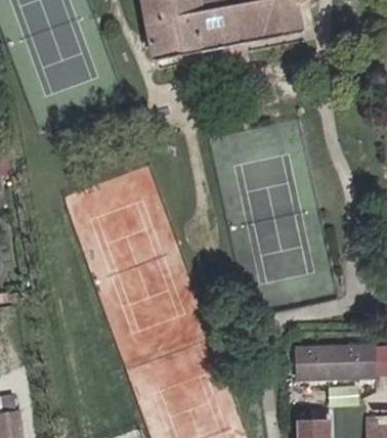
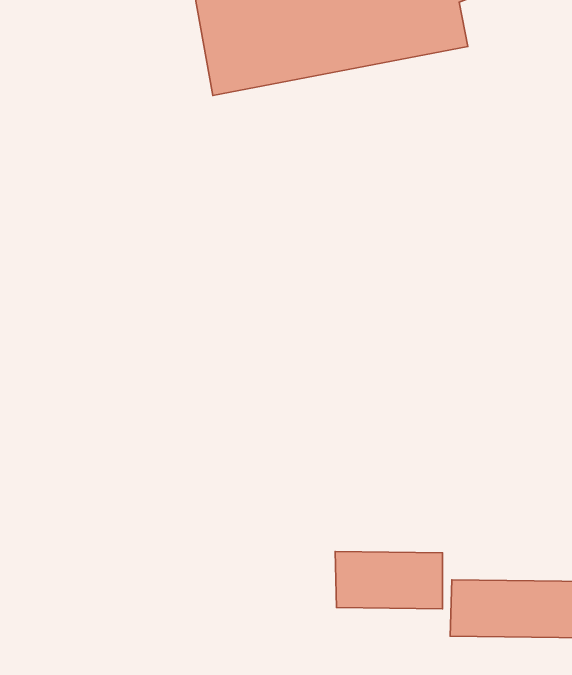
building: none -> [335,551,443,609]

